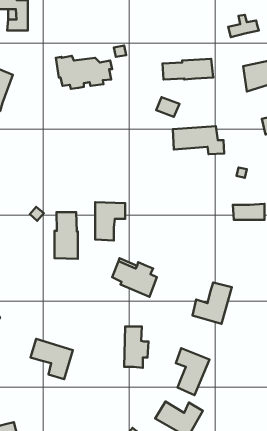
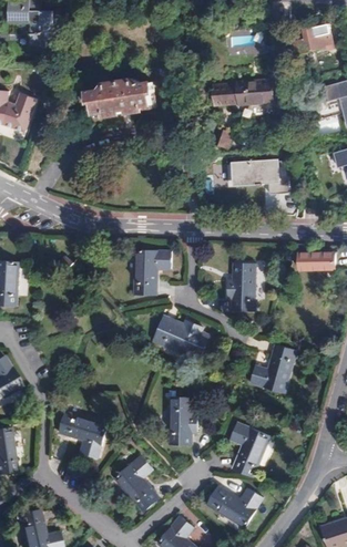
building: [55,212,78,259] -> none
building: none -> [227,264,256,311]
building: none -> [114,455,161,512]

